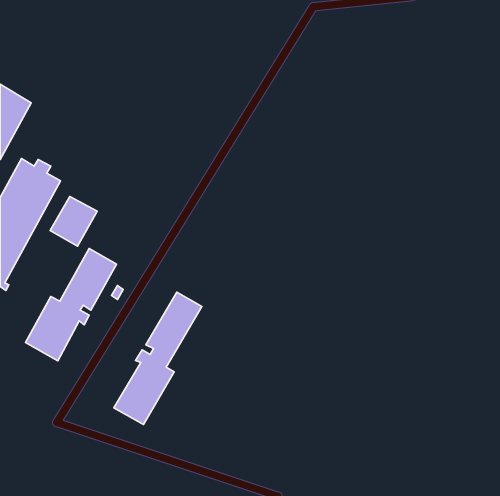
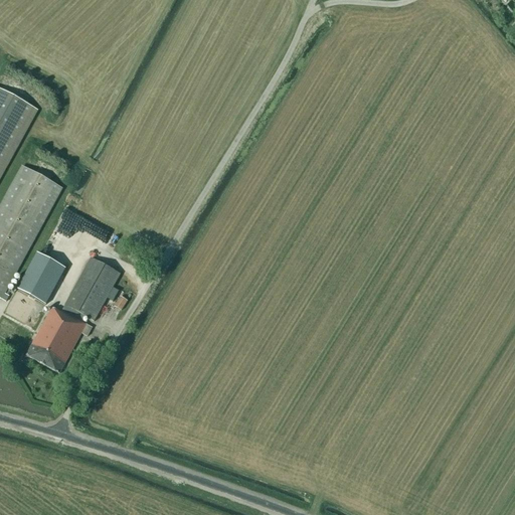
building: [50,196,97,246] -> [18,252,66,304]
building: [114,292,202,424] -> none

